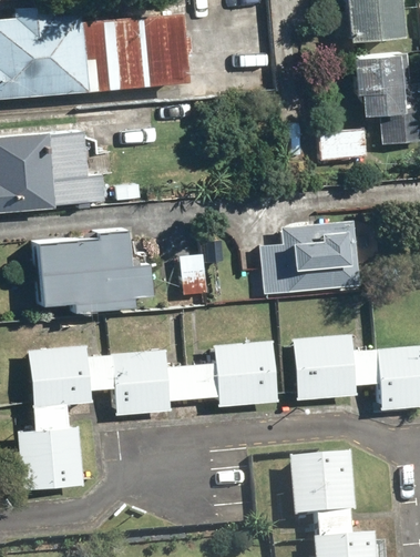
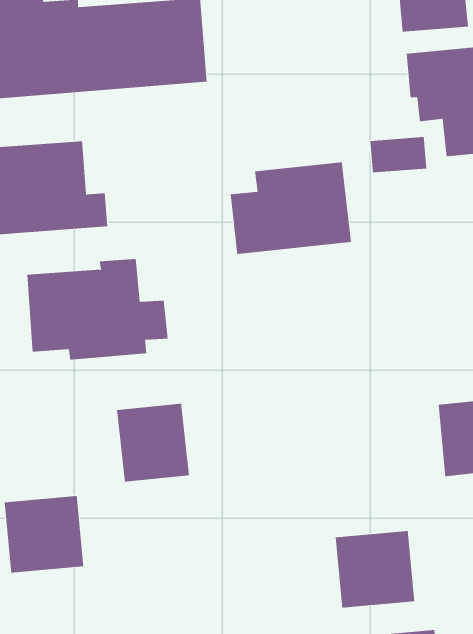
building: [262,220,362,296] -> [230,162,352,254]
building: [290,335,357,399] -> none
building: [212,342,278,406] -> none
building: [28,344,94,408] -> none

